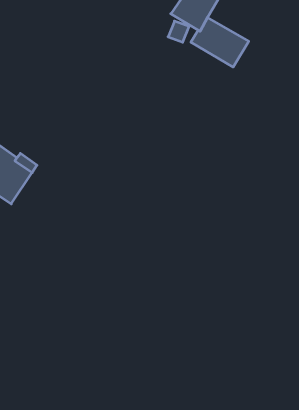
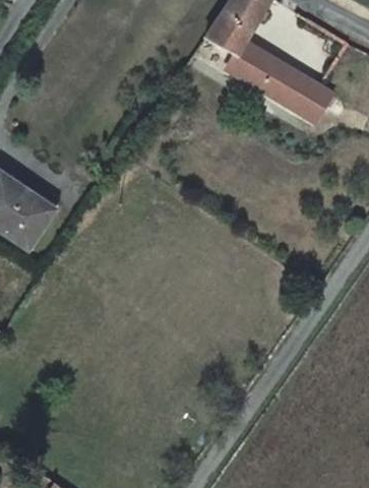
building: none -> [273,68,333,122]

